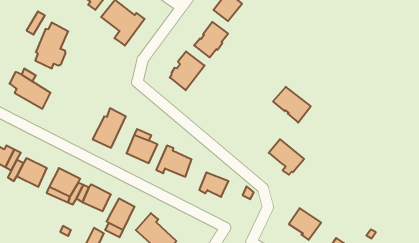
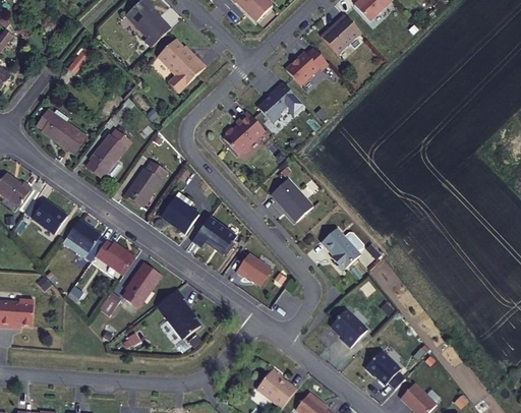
building: [35,23,68,68] -> [85,126,128,178]
building: [273,87,311,123] -> [271,179,312,222]

